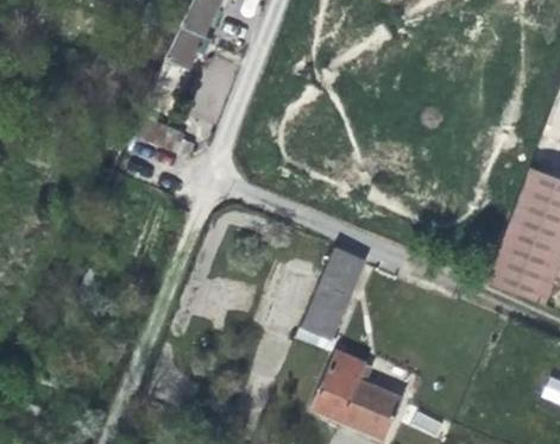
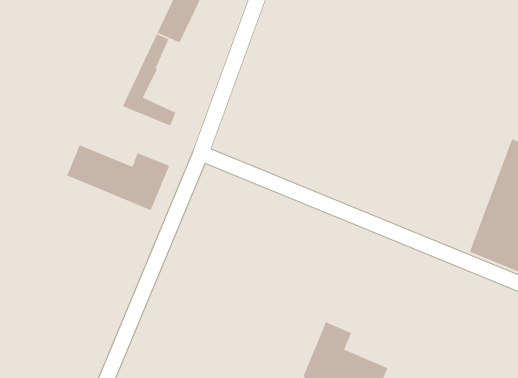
building: none -> [66,144,170,211]
building: [300,244,372,344] -> none

